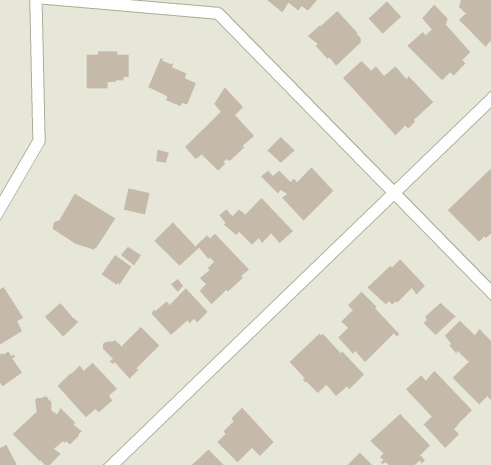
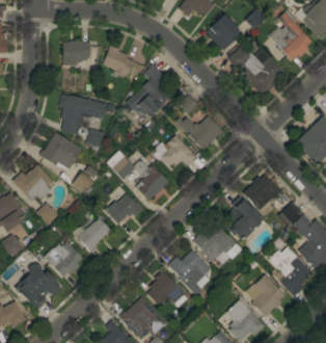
building: none -> [58,95,106,135]
building: none -> [12,165,53,201]
building: none -> [167,249,211,295]

